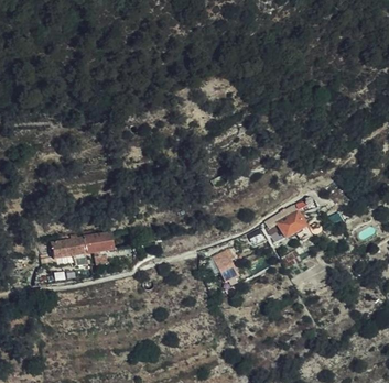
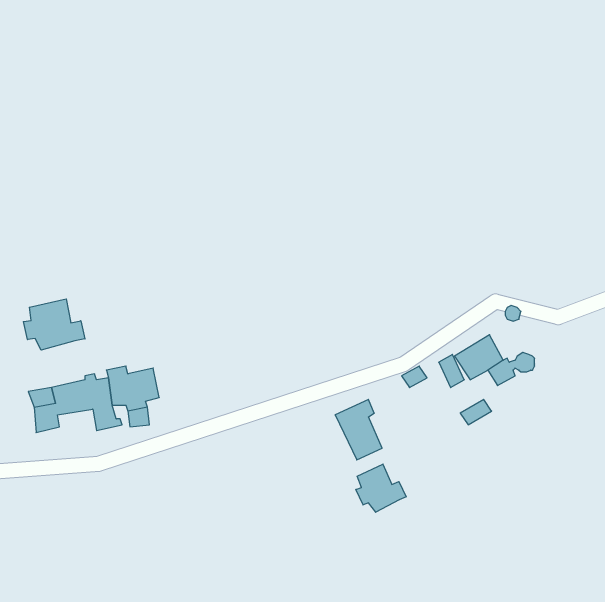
building: none -> [23,299,85,350]
building: none -> [356,464,406,512]

